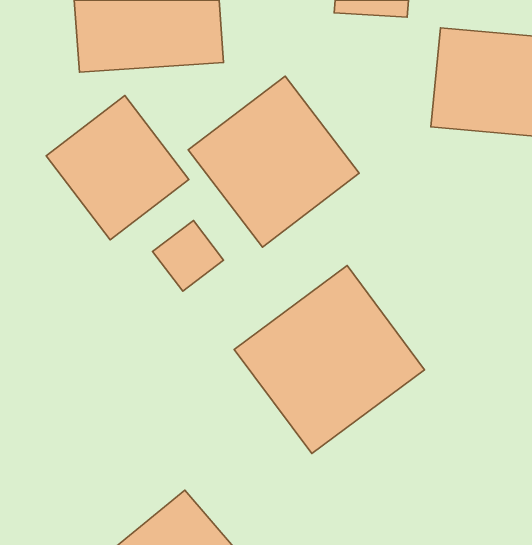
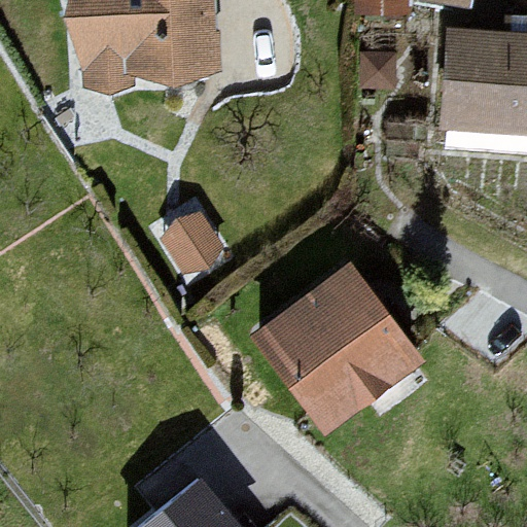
building: [188,76,359,247] -> none
building: [46,96,189,240] -> none

